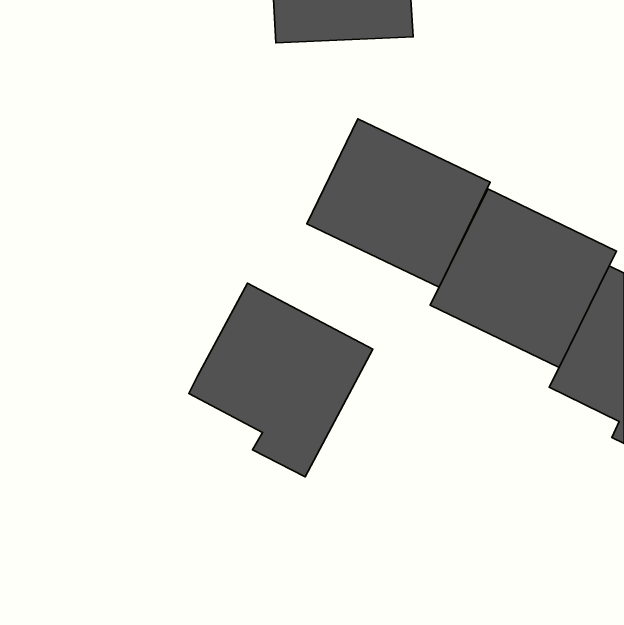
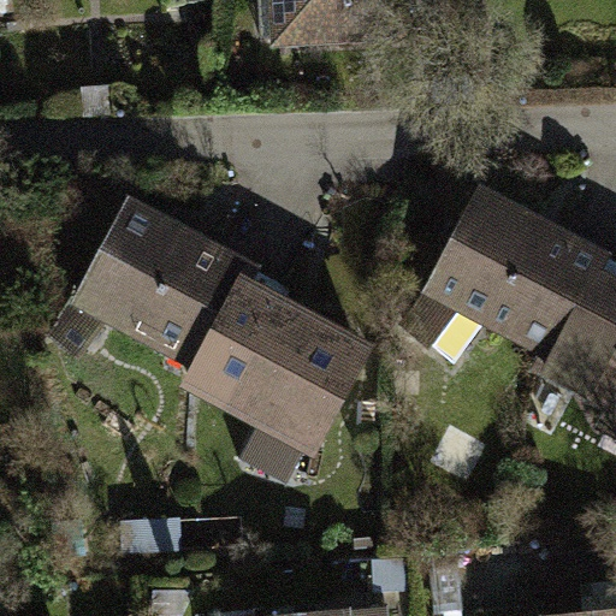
building: [307,119,490,287] -> none
building: none -> [47,197,251,369]

